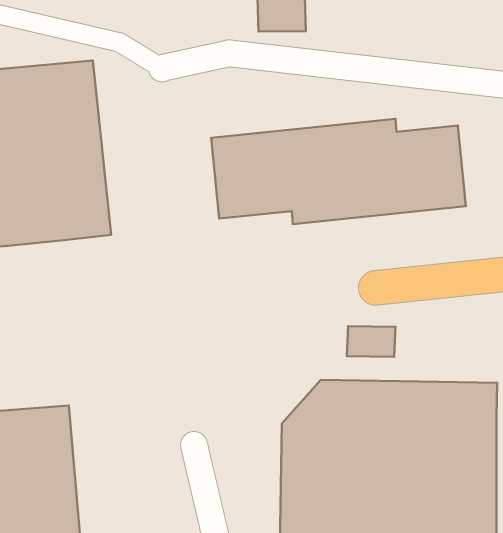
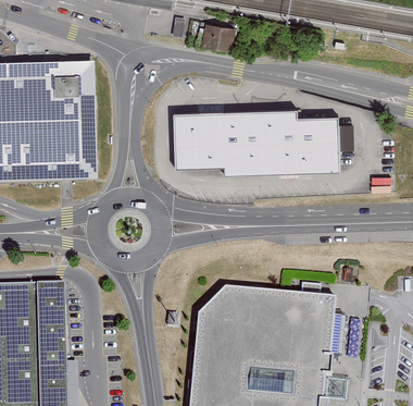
building: [347,326,396,357] -> none

